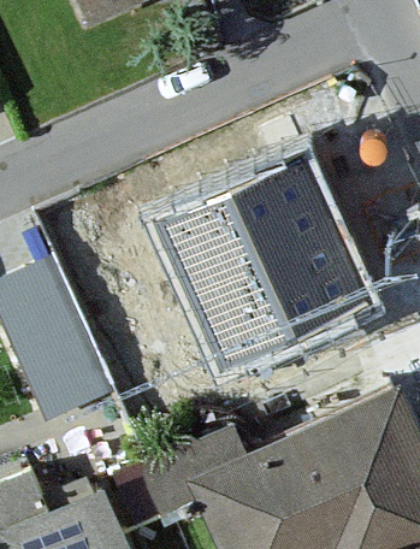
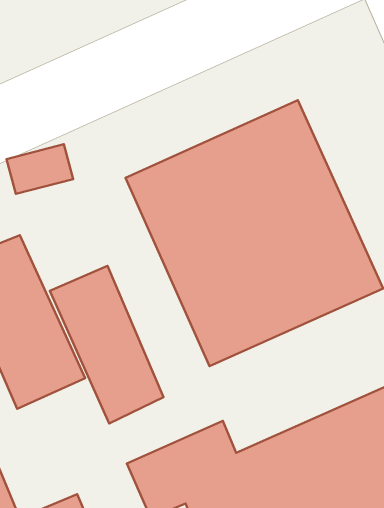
building: none -> [50,266,163,424]

